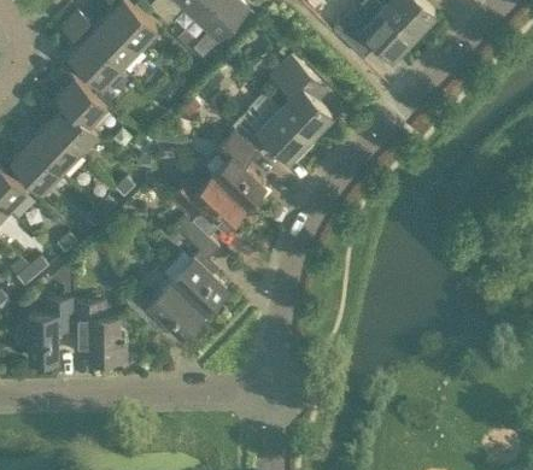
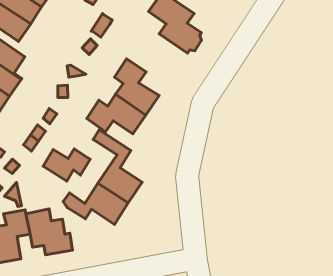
building: [233,93,311,160] -> none
building: none -> [43,149,90,181]

